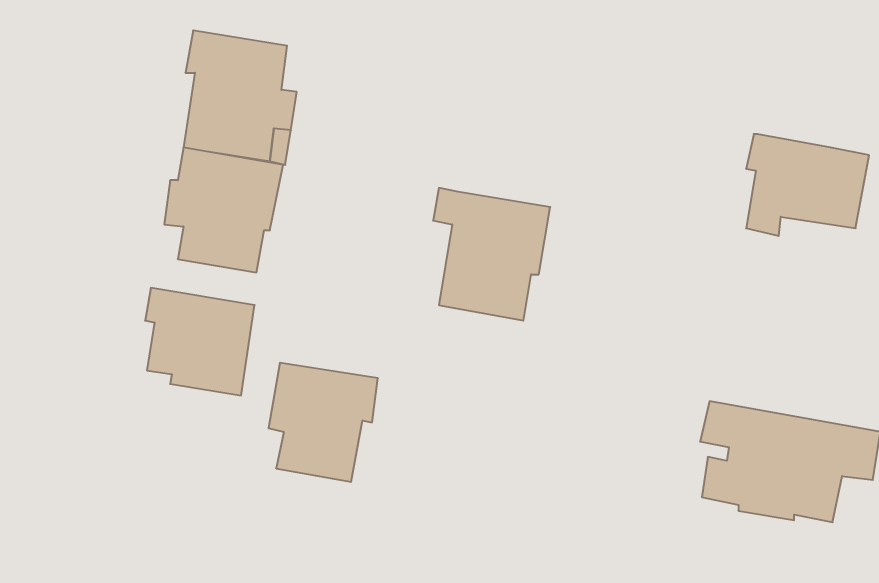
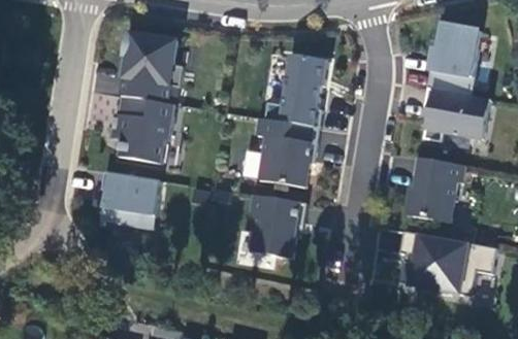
building: none -> [428,24,480,95]
building: none -> [264,54,327,127]
building: none -> [406,157,463,223]
building: [268,363,378,482] -> [245,194,303,258]

